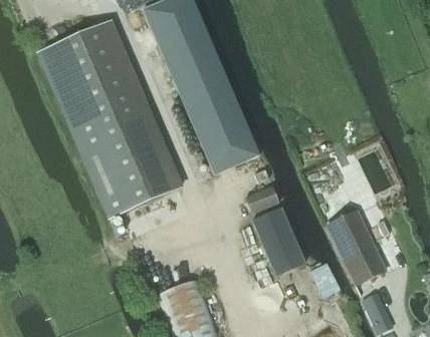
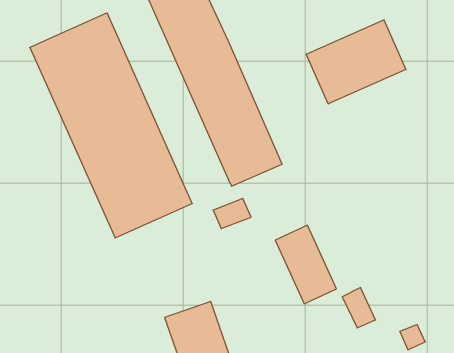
building: none -> [306,20,406,104]
building: [246,186,279,212] -> [213,199,251,229]
building: [329,211,386,284] -> none

